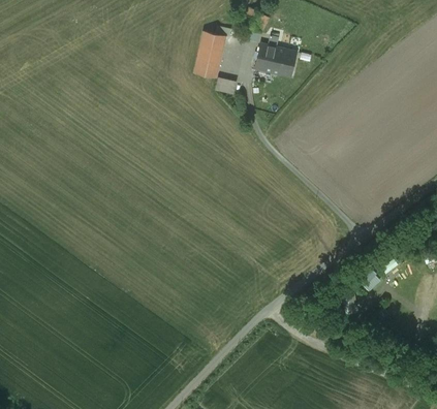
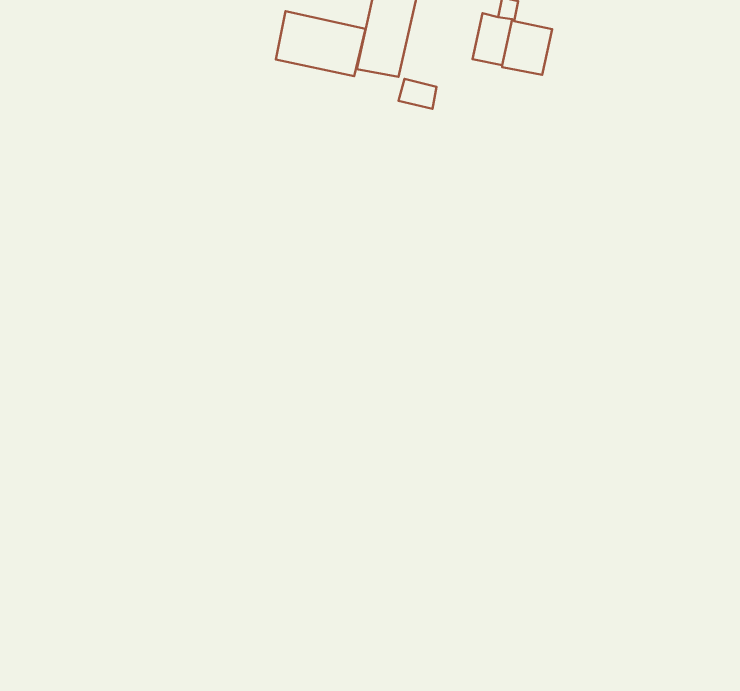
building: none -> [276,11,366,76]

